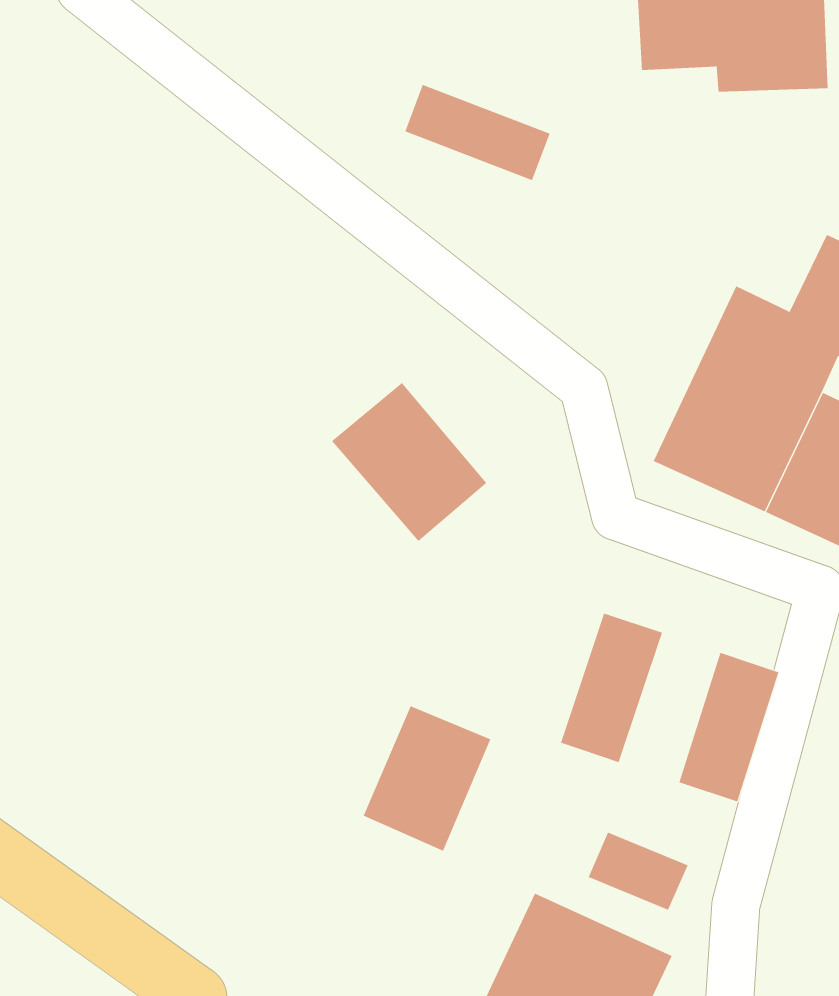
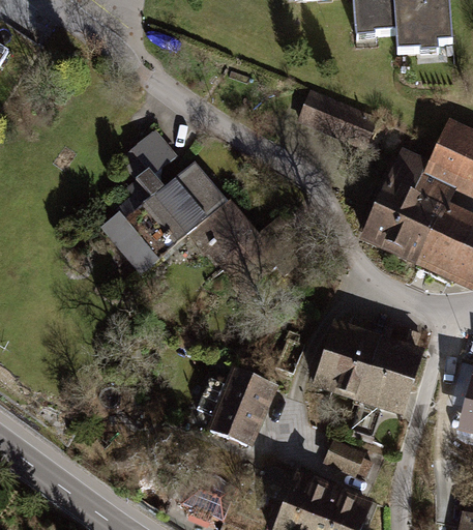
building: [404,84,550,181] -> [300,92,377,143]
building: none -> [102,131,228,273]
building: none -> [342,332,394,411]

